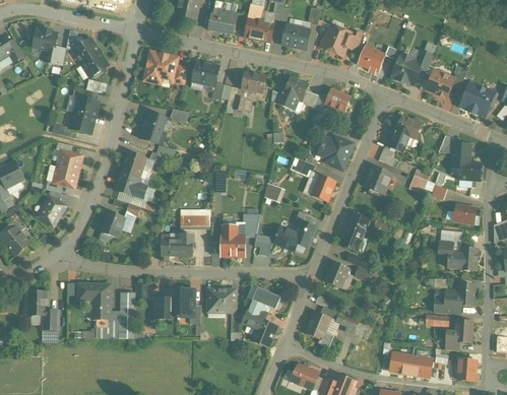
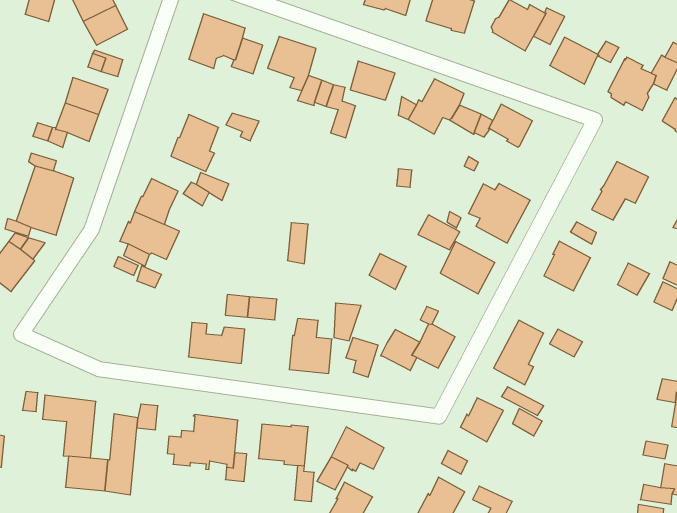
building: [99,211,124,242] -> none

